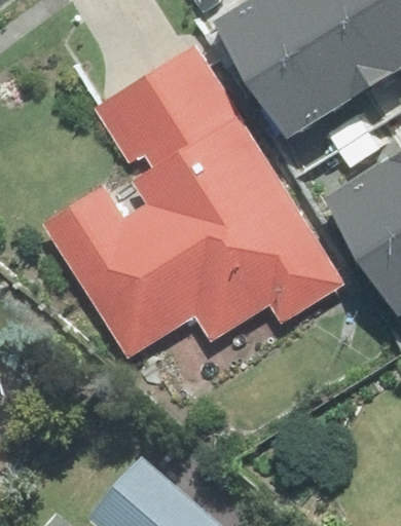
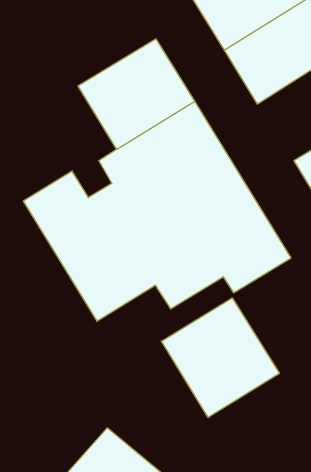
building: none -> [161,298,280,418]

